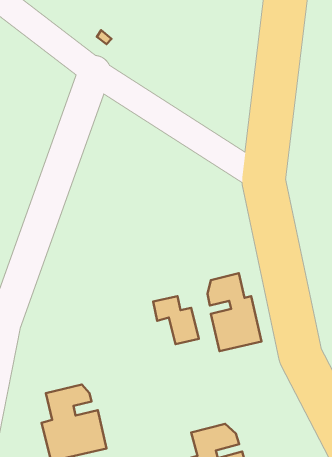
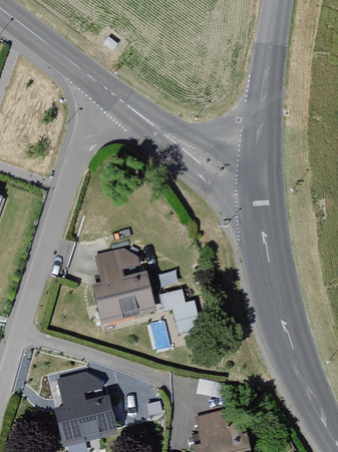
building: none -> [94,250,152,314]
building: [208,273,262,351] -> none

